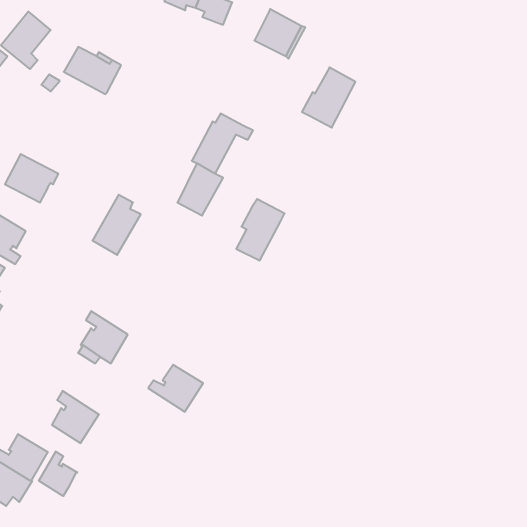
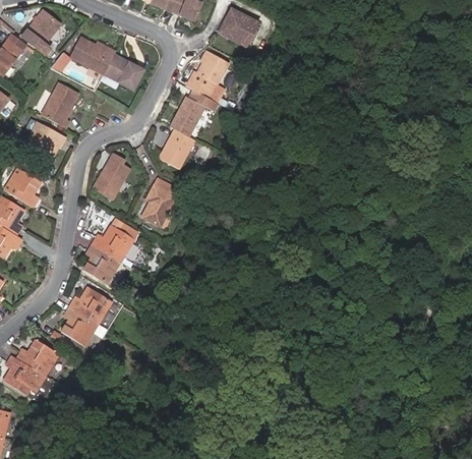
building: [302,67,355,128] -> [186,52,228,99]
building: none -> [104,54,145,91]
building: none -> [41,81,79,128]
building: [236,199,285,261] -> [141,178,179,226]
building: none -> [92,218,138,262]
building: [148,365,203,412] -> [69,287,112,324]
building: [39,451,77,496] -> none

